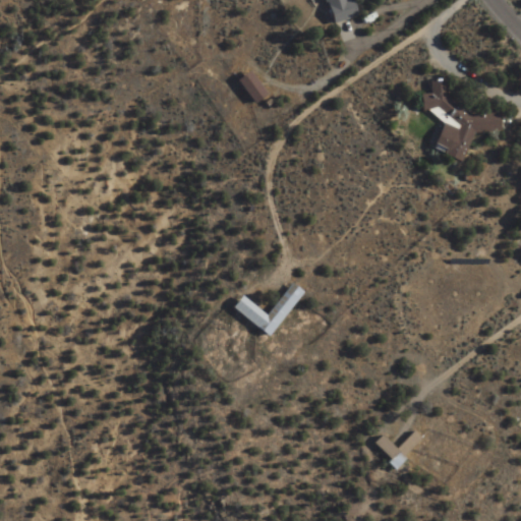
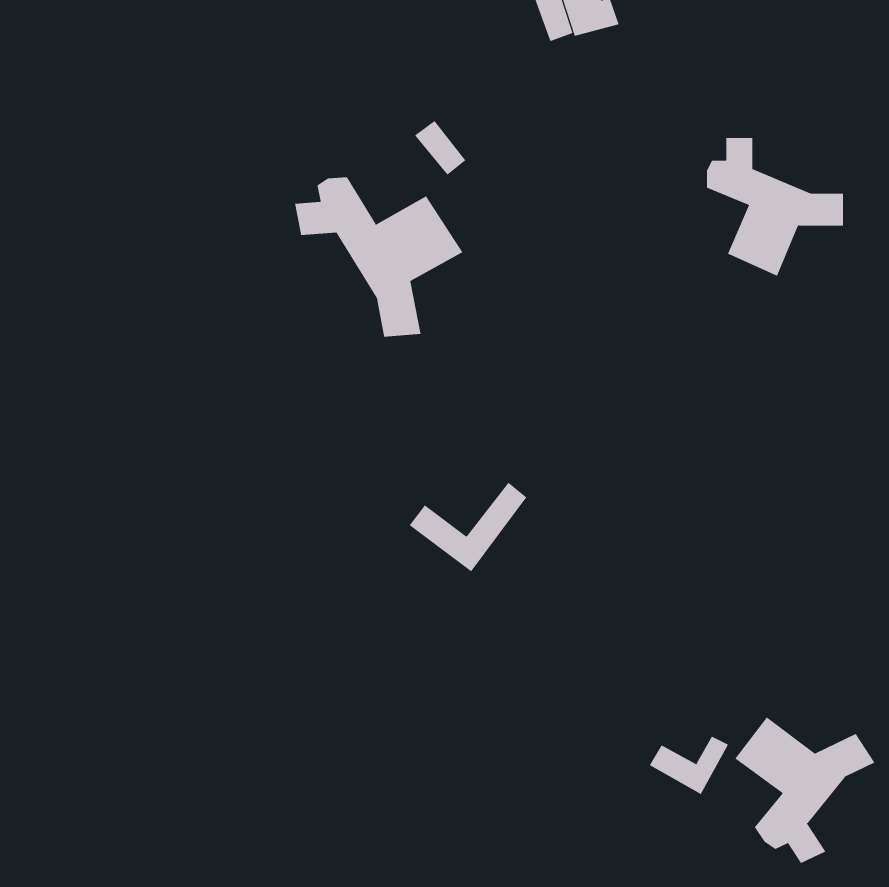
building: none -> [295,176,463,337]
building: none -> [734,717,875,864]

